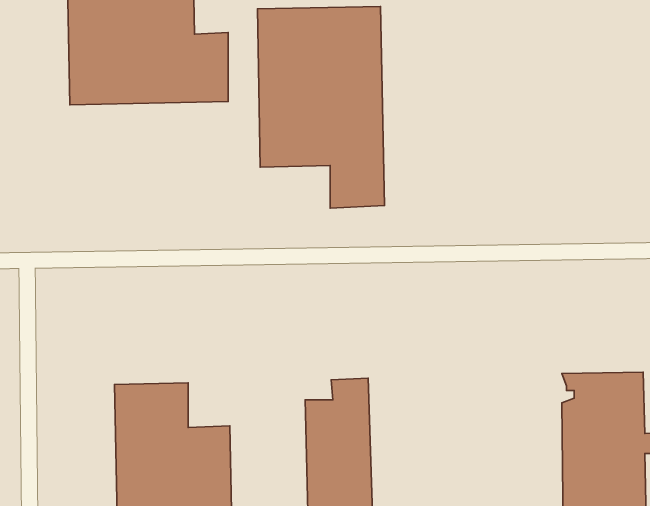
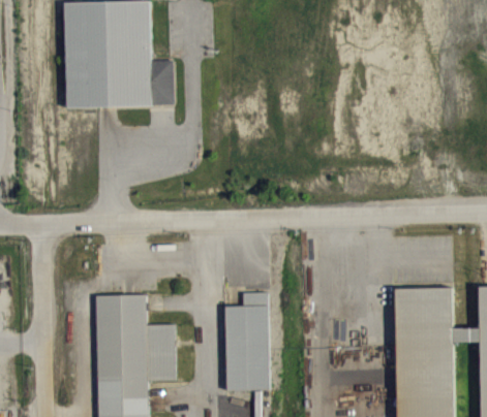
building: [258,6,385,208] -> none

